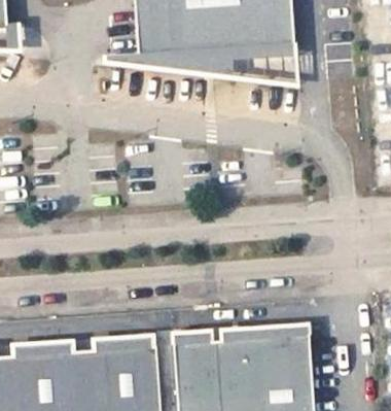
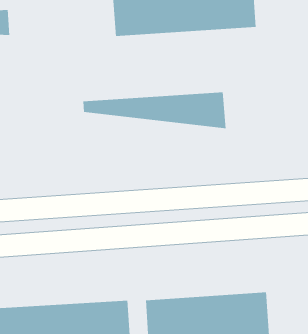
building: [140,40,299,81] -> [82,92,226,129]

